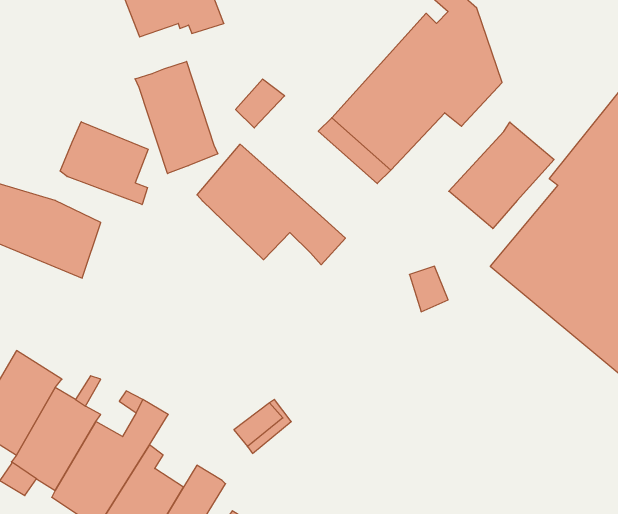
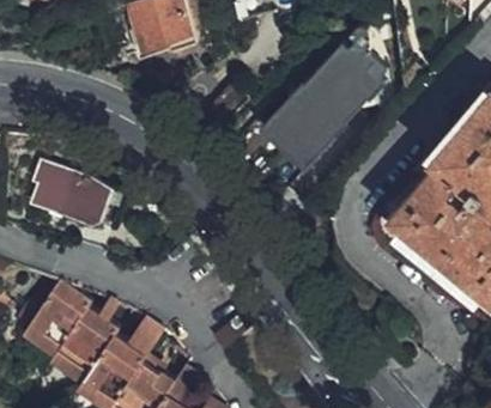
building: [135,61,218,174] -> none
building: [60,122,148,205] -> none
building: [449,122,554,229] -> none
building: [197,144,345,265] -> none

